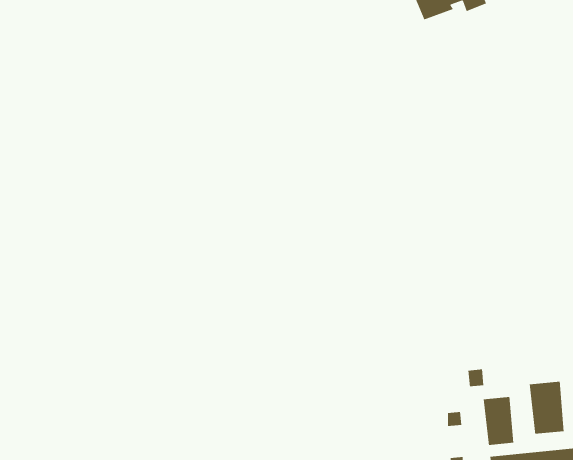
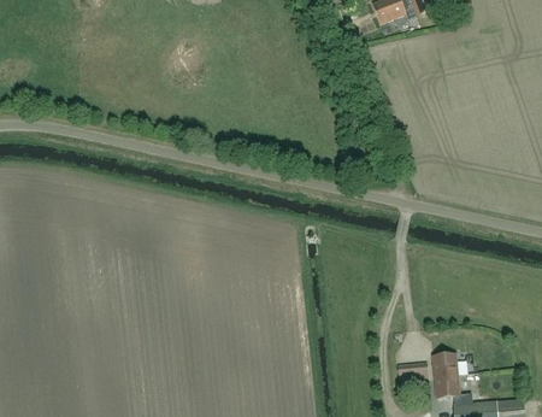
building: [529,381,564,434] -> none

